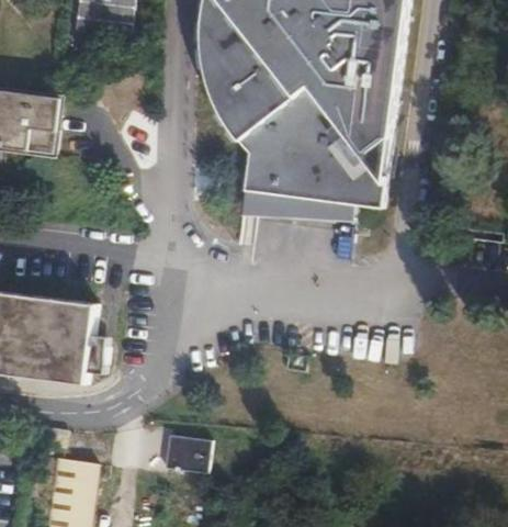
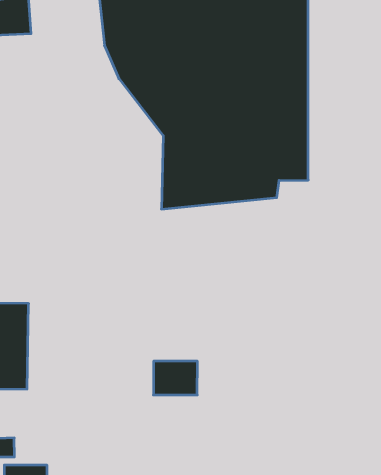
building: [157,436,204,474] -> [153,361,197,395]

